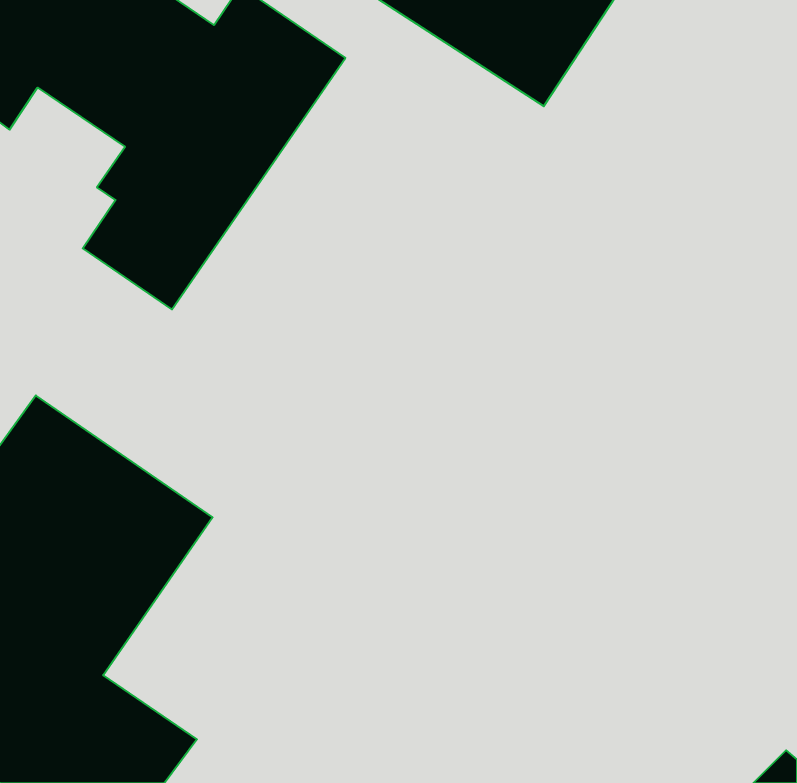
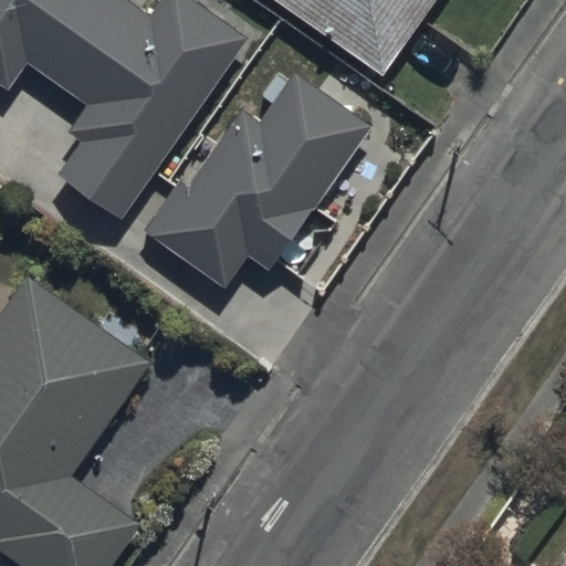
building: none -> [144,73,370,287]

